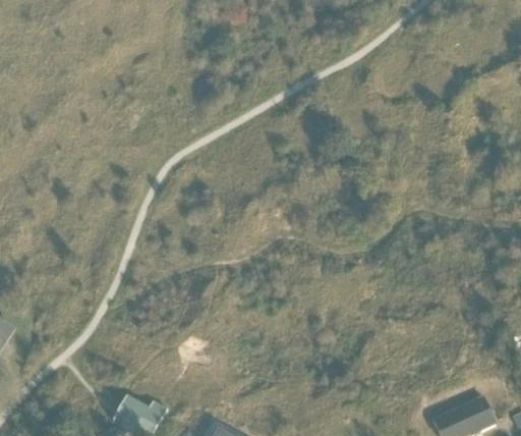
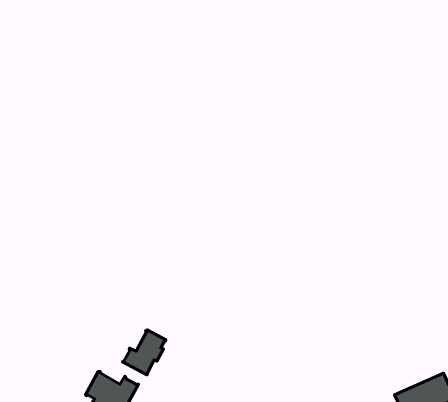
building: none -> [122,330,166,375]

